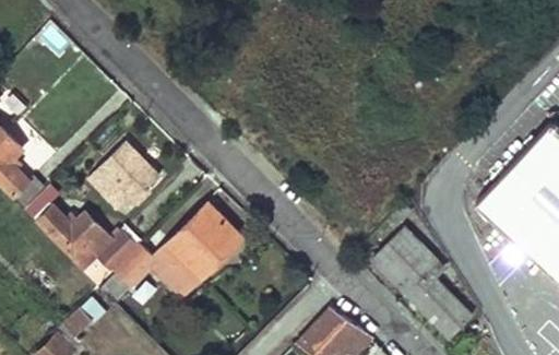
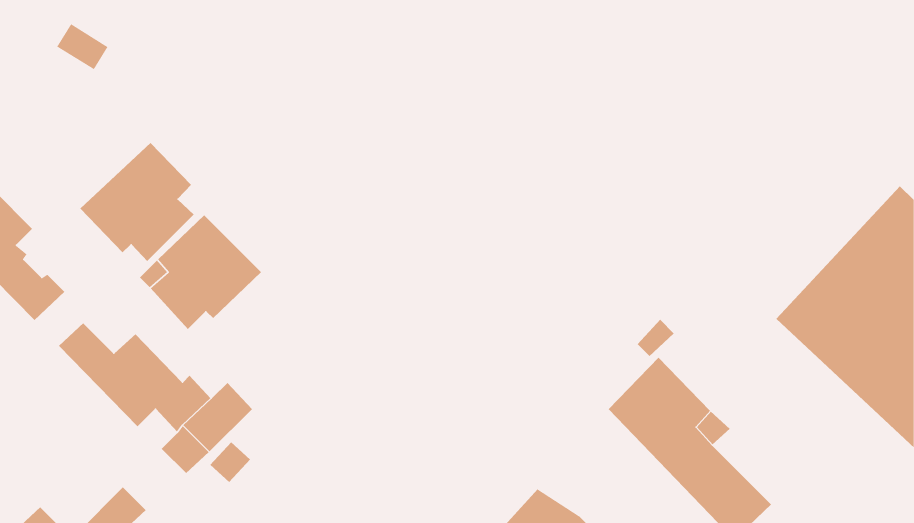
building: none -> [80,142,194,262]
building: [162,203,242,280] -> none

